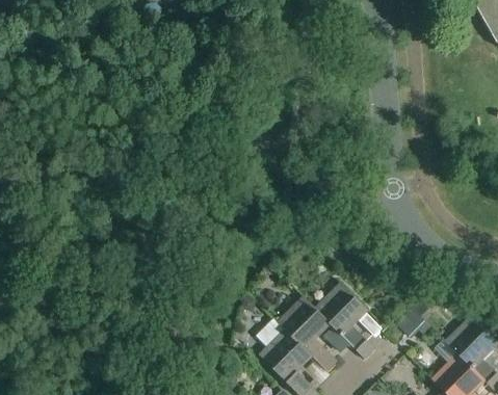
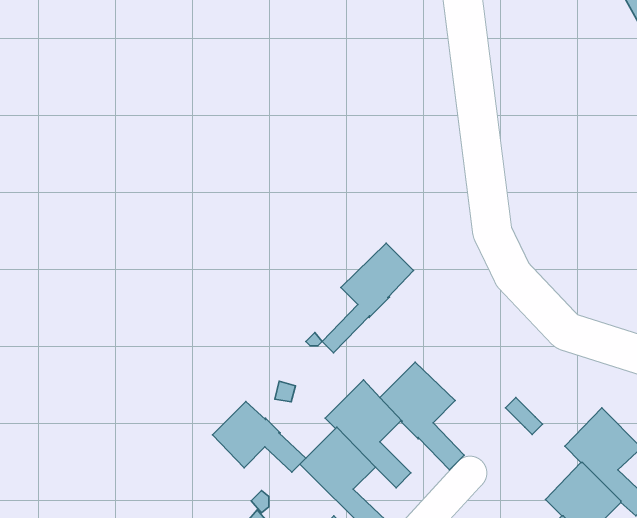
building: none -> [322,243,414,353]
building: none -> [213,401,306,472]

